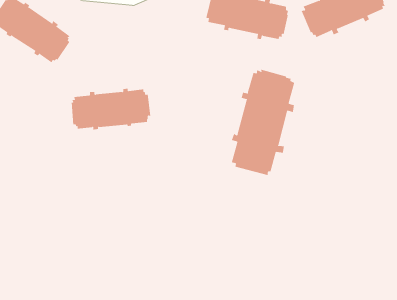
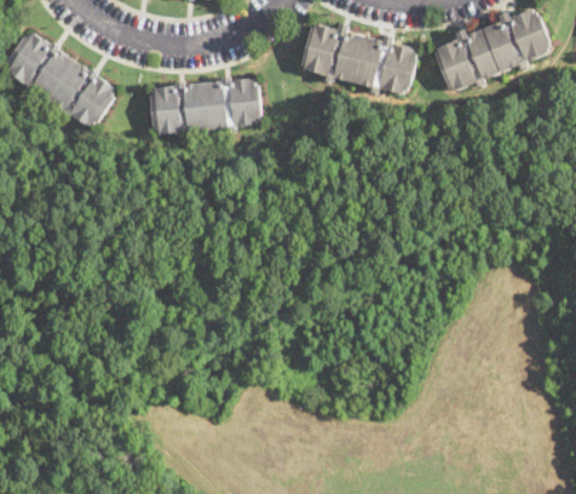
building: [231,69,295,176] -> none
building: [71,88,151,130] -> [150,76,261,134]

